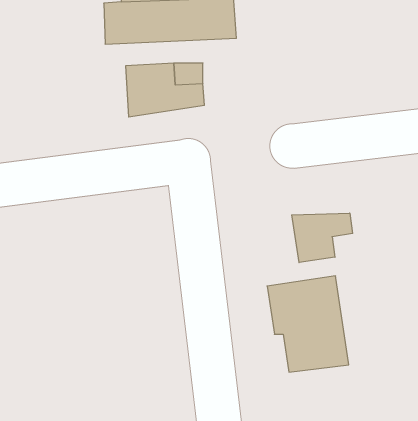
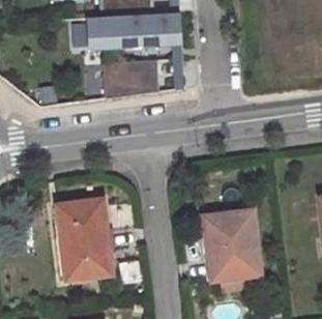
building: [292,213,353,263] -> none
building: none -> [55,202,110,281]

